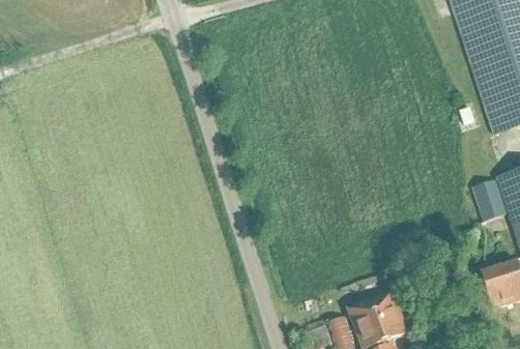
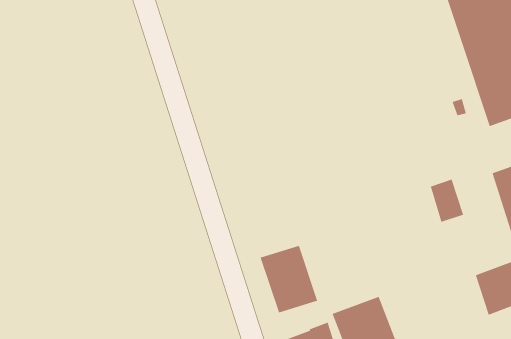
building: [473,178,505,220] -> [430,178,464,223]
building: none -> [260,245,318,314]

